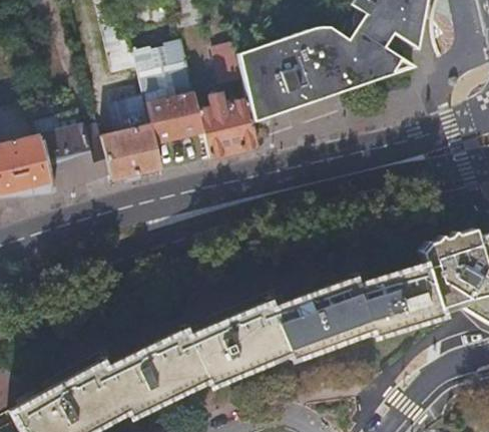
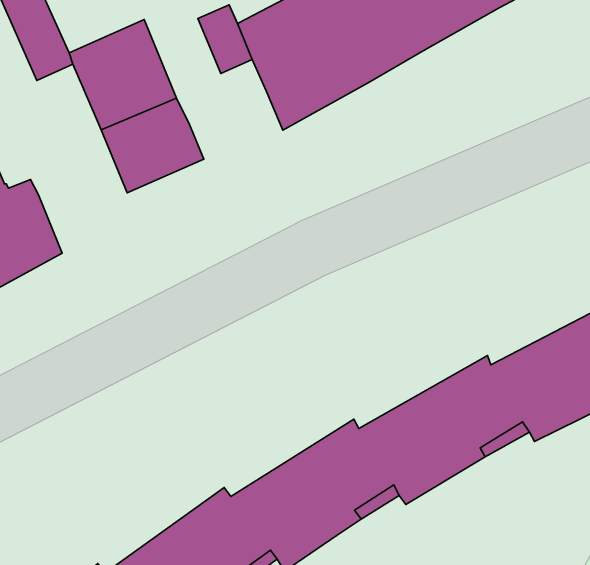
building: [200,93,262,158] -> none
building: [103,94,162,181] -> none

